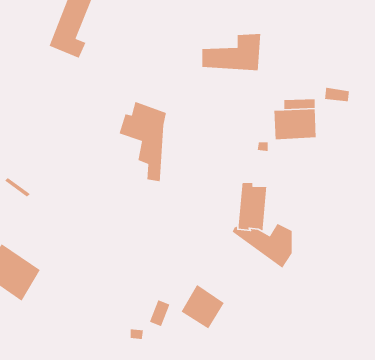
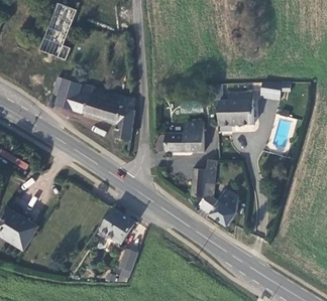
building: [201,33,261,71] -> [156,122,204,152]
building: none -> [50,74,110,119]
building: [180,284,225,330] -> [101,209,136,246]

